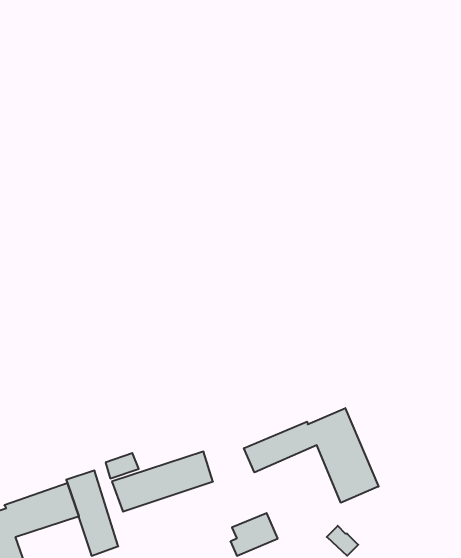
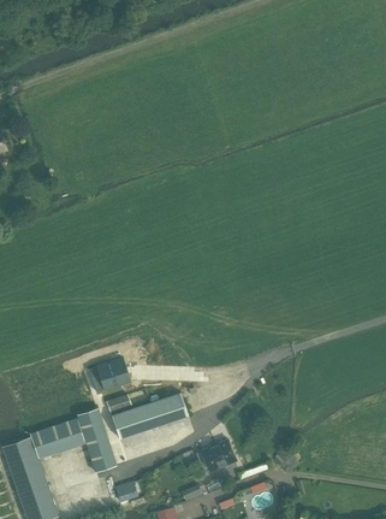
building: none -> [88,358,130,393]
building: [244,408,379,503] -> none

